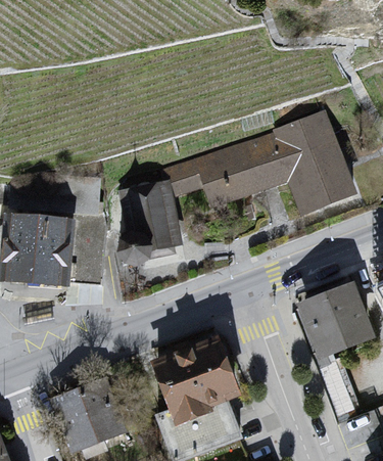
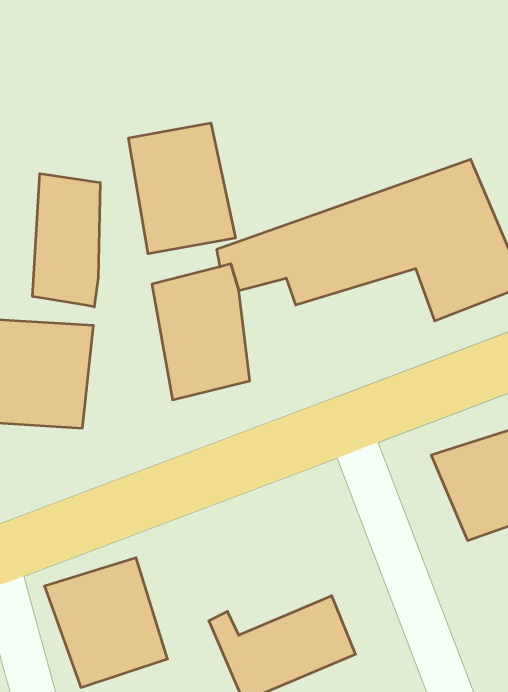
building: none -> [129,123,235,254]
building: none -> [33,174,100,307]
building: [153,338,241,420] -> none

